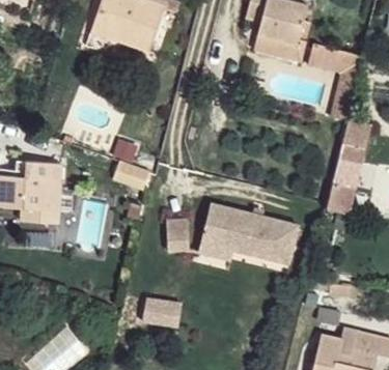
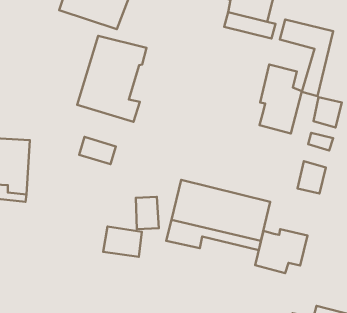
building: none -> [77,36,147,122]
building: none -> [260,65,302,133]
building: none -> [255,229,307,273]
building: [141,296,179,326] -> [103,227,142,257]

